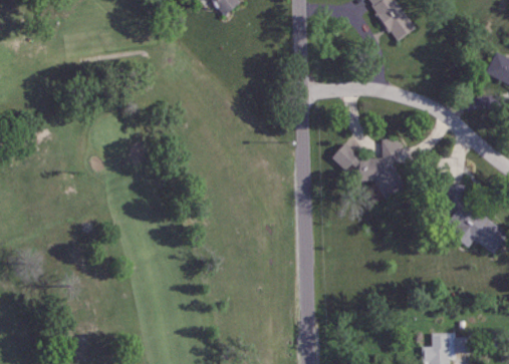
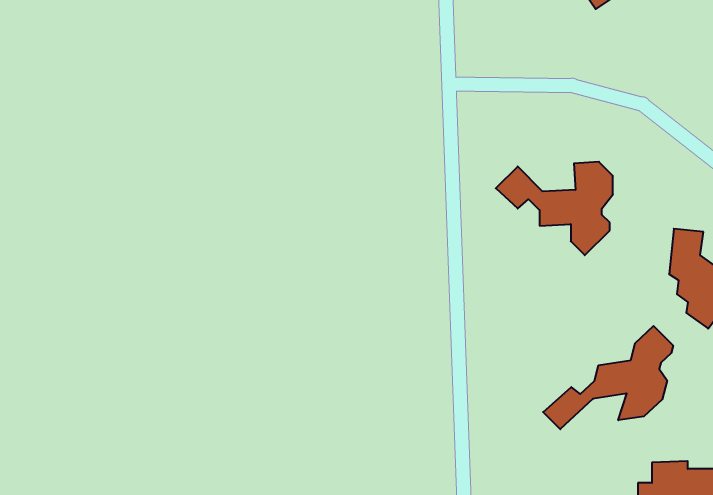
building: none -> [543,326,673,429]

